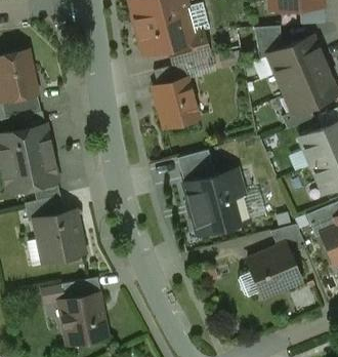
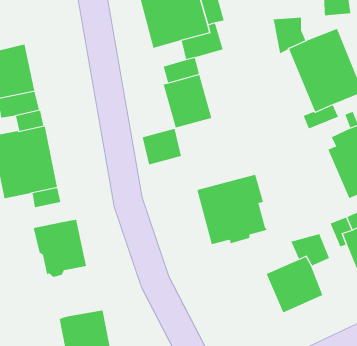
building: [177,151,214,185] -> [142,128,182,165]
building: [24,196,64,223] -> none
building: [60,278,100,301] -> none

